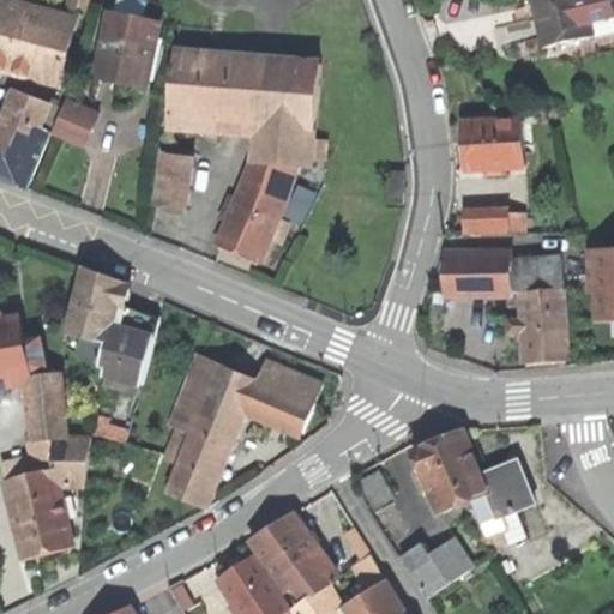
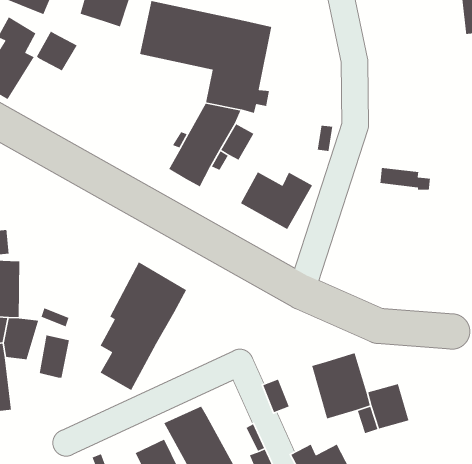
building: [460,120,524,169] -> none
building: [150,148,189,207] -> none
building: none -> [240,171,313,230]
building: [444,251,566,362] -> none
building: [61,266,157,384] -> none
building: [245,359,319,431] -> none
building: none -> [39,335,70,378]

